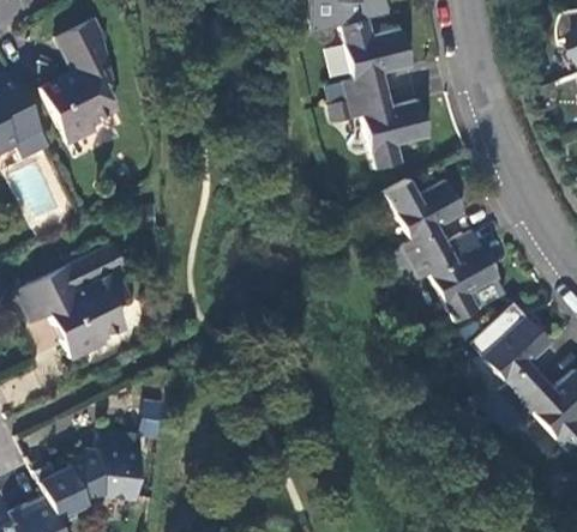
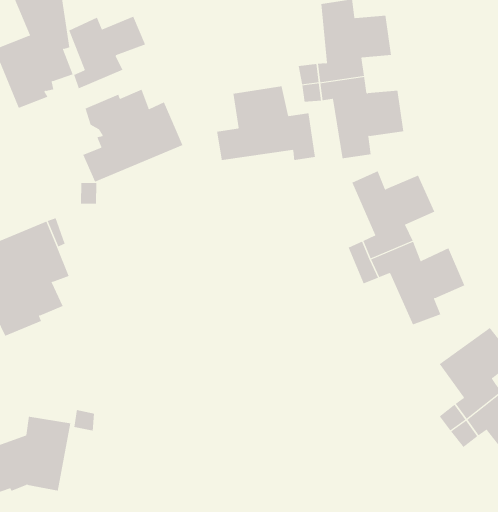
building: none -> [69,16,146,89]
building: none -> [217,85,315,161]
building: none -> [82,89,183,182]

